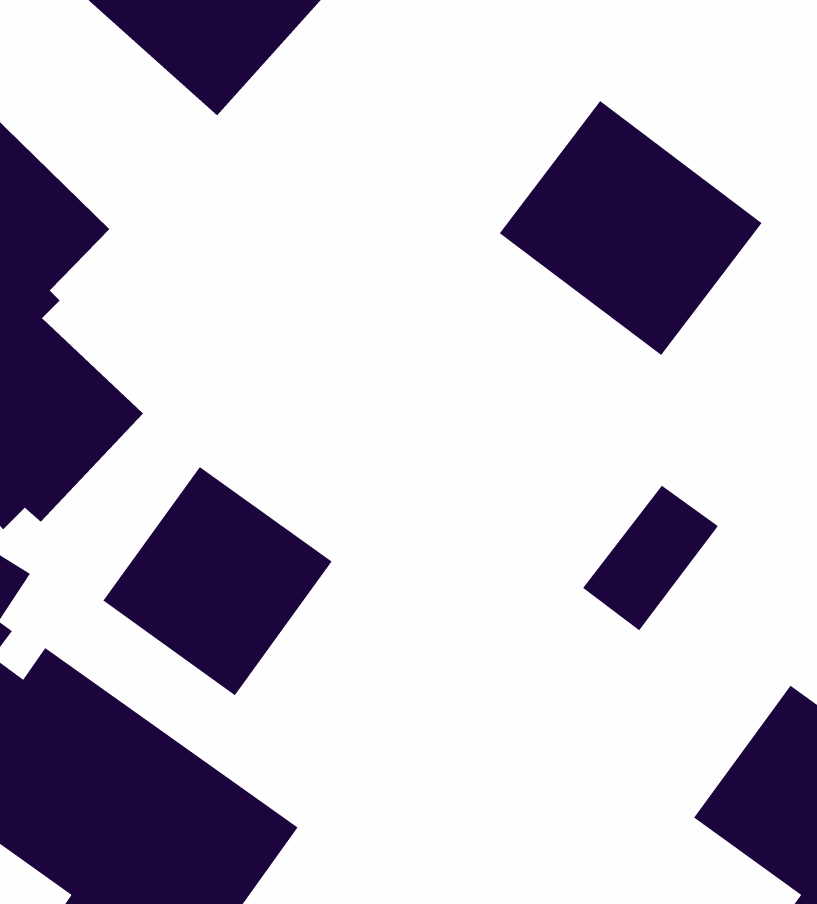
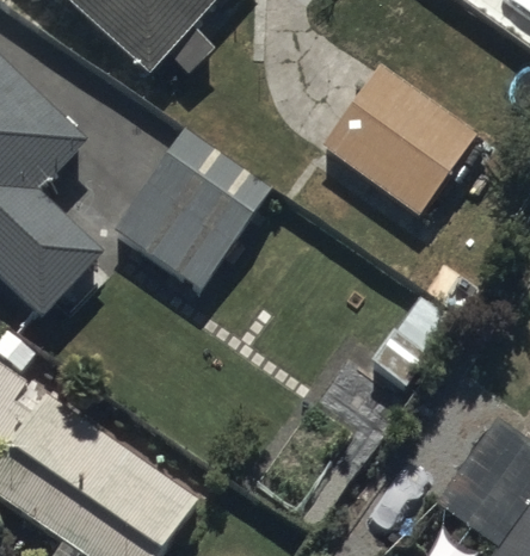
building: none -> [115,129,271,289]
building: [103,466,332,696] -> none

